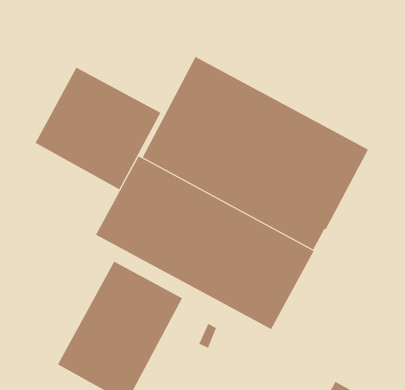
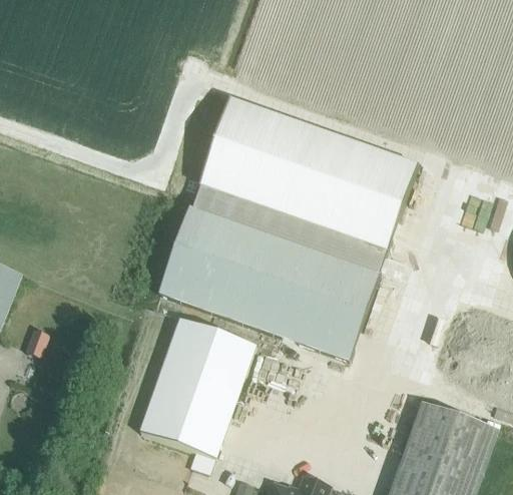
building: [35,67,161,190] -> none

